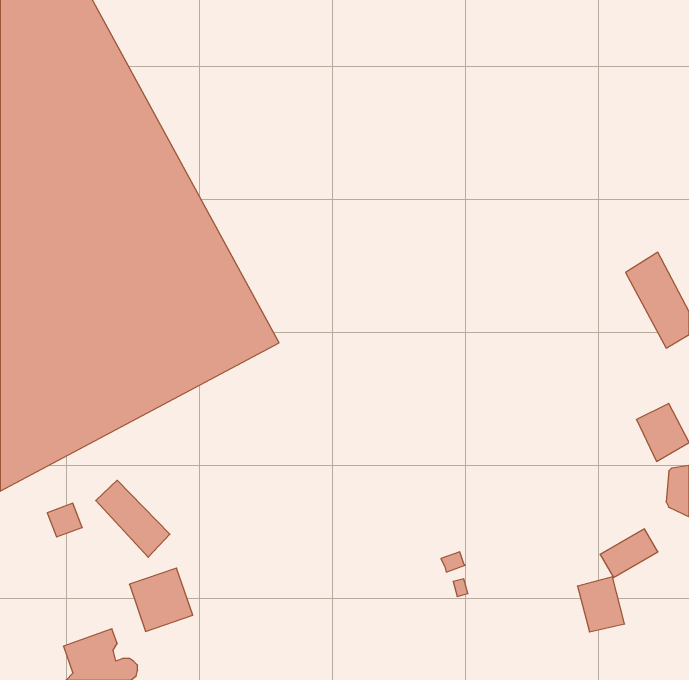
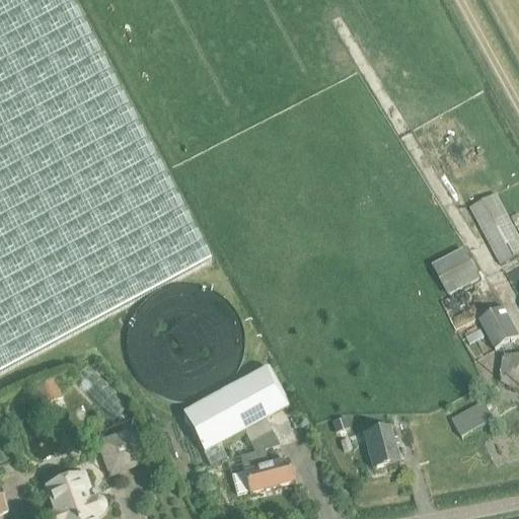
building: none -> [433,245,479,291]
building: none -> [182,364,292,492]
building: [577,577,625,632] -> [363,424,398,465]

